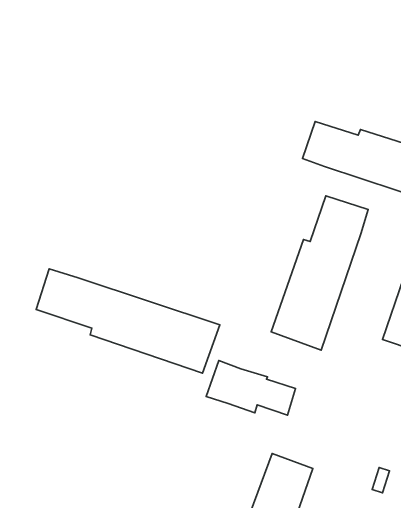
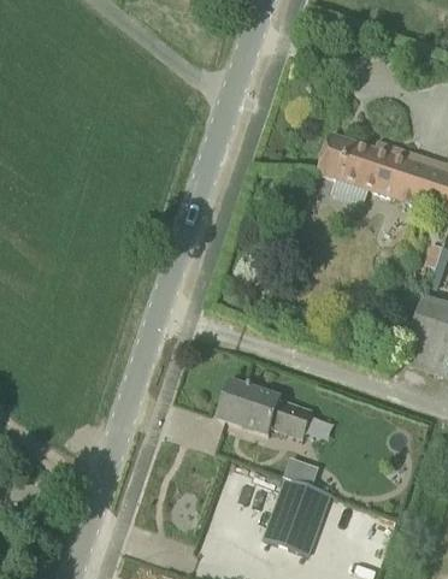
building: [271,196,368,350] -> none
building: [36,269,220,373] -> none

